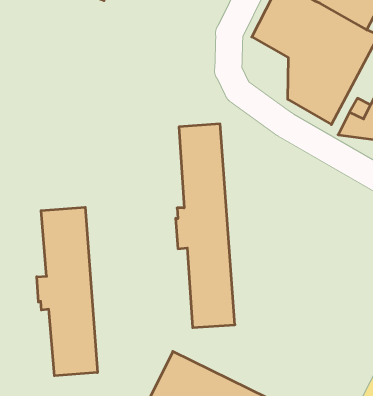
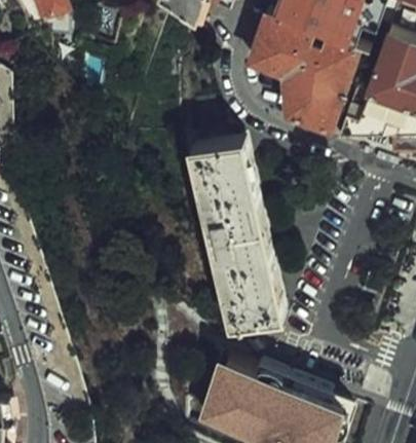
building: [37,207,97,376] -> none

